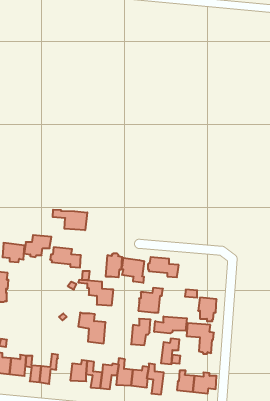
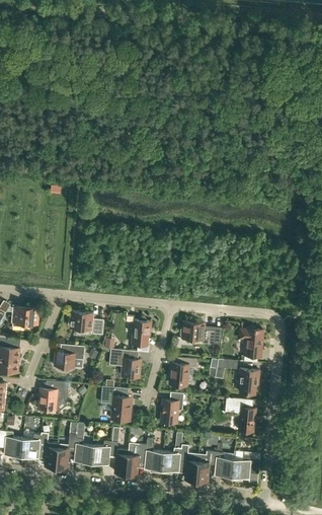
building: [53,210,87,230] -> none
building: [24,235,51,257] -> [54,345,85,370]
building: [122,258,144,283] -> none
building: none -> [239,328,263,357]
building: none -> [38,382,69,413]
building: [154,316,187,333] -> none
building: [161,339,179,364] -> [195,452,217,482]
building: none -> [74,439,93,464]

